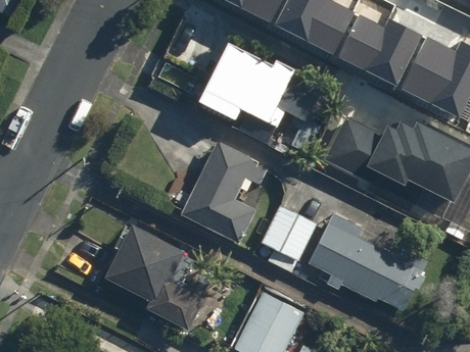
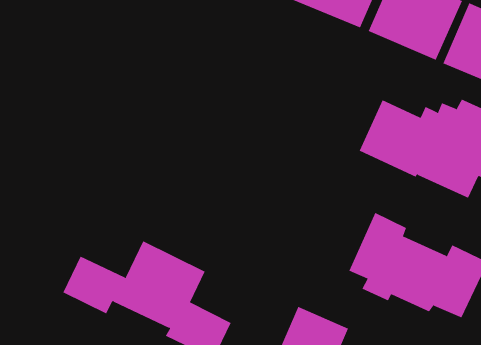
building: [197,41,296,127] -> none
building: [179,140,270,244] -> none
building: [255,205,317,271] -> none

